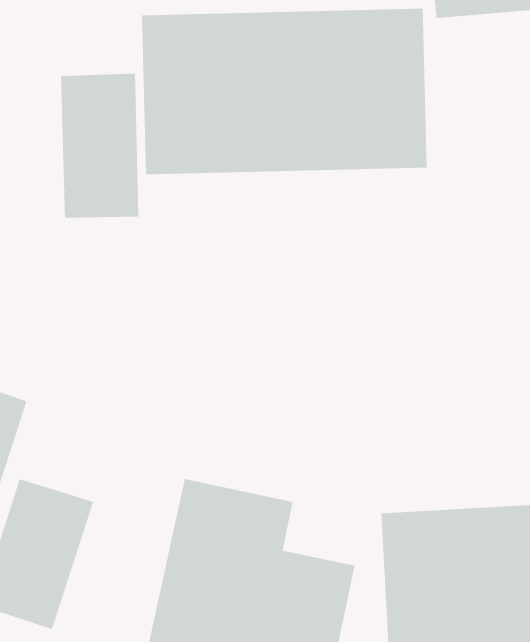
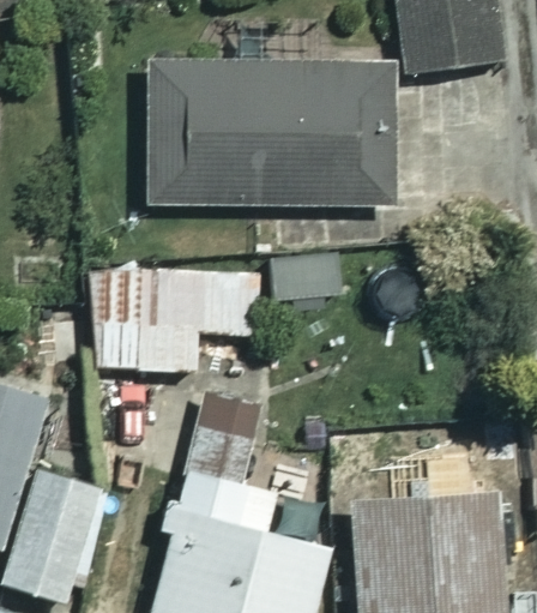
building: [60,73,139,218] -> none
building: none -> [92,266,259,368]

